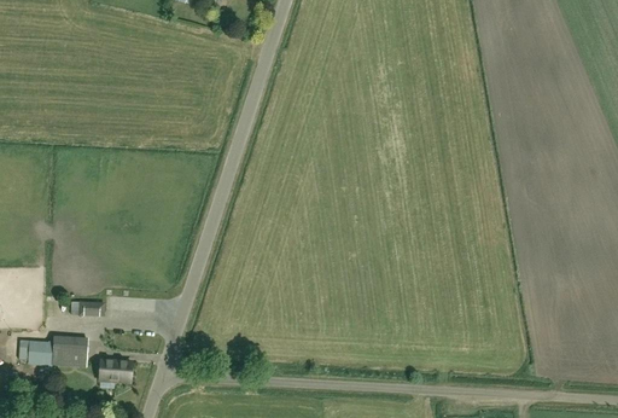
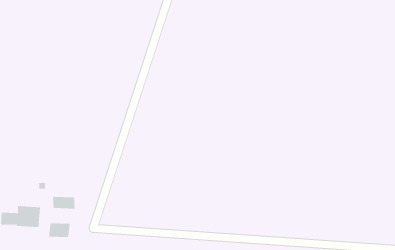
building: none -> [53,196,75,209]

